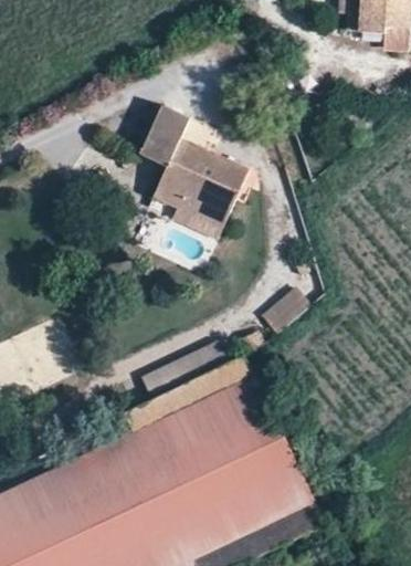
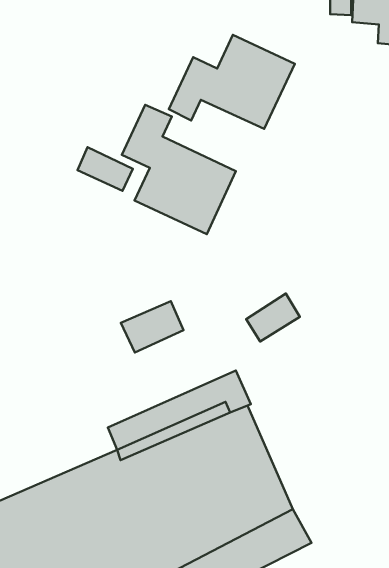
building: none -> [169,35,295,129]
building: none -> [77,147,133,191]
building: none -> [121,301,184,352]

